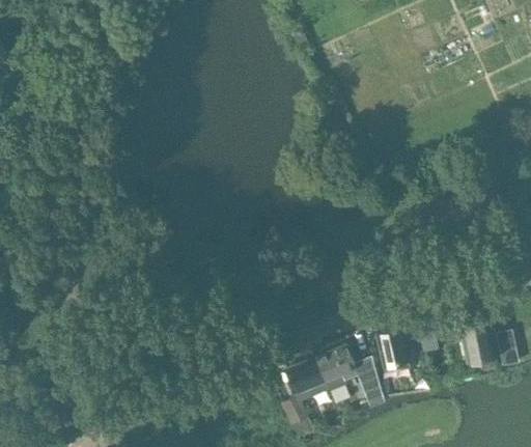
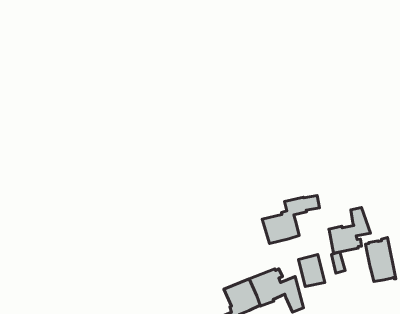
building: none -> [262,196,319,244]
building: none -> [329,207,370,253]

